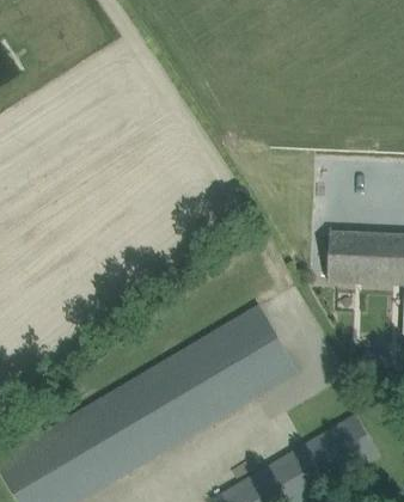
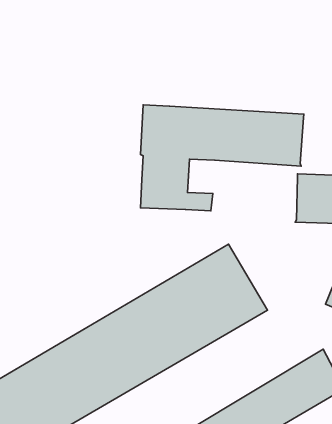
building: none -> [140,105,304,211]

